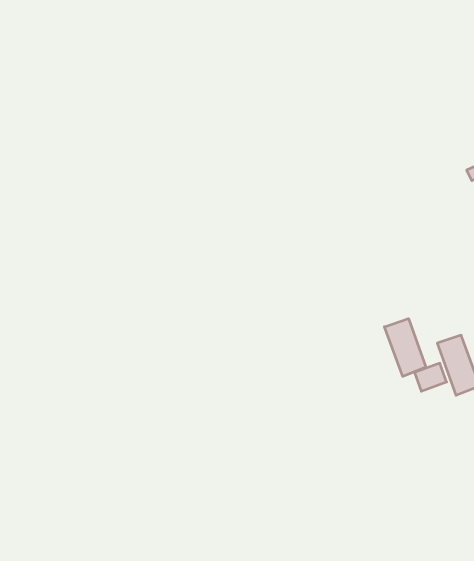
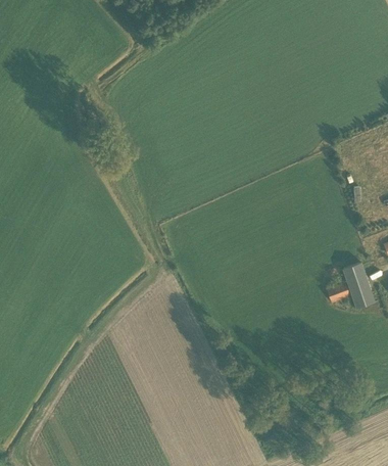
building: [384,319,426,376] -> none

